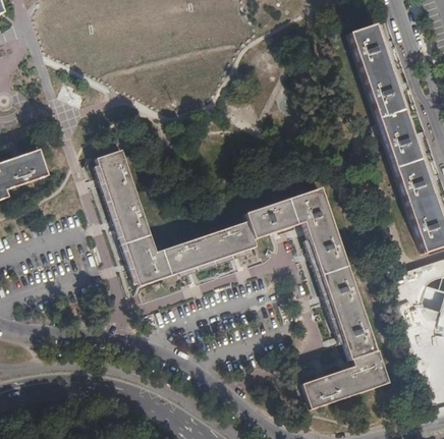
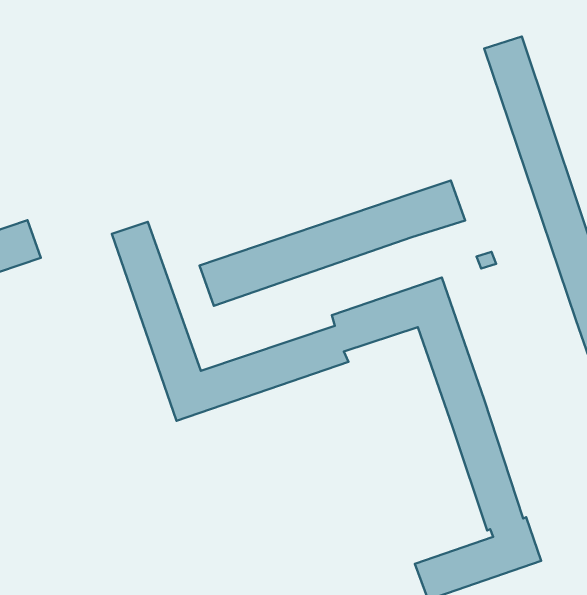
building: none -> [200,180,465,306]

